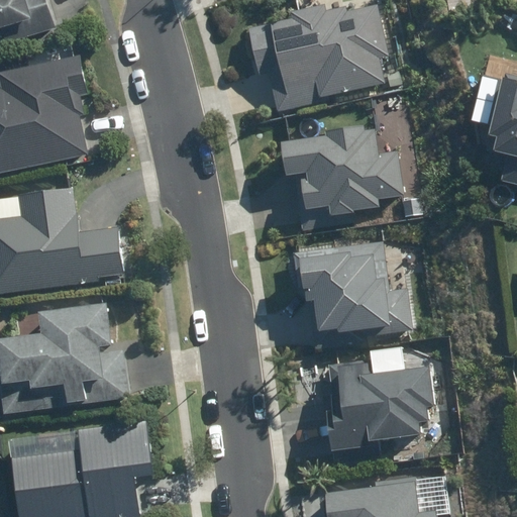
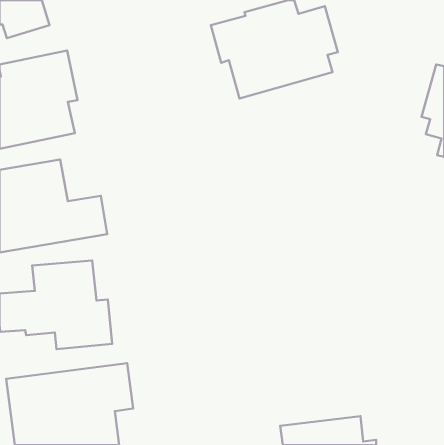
building: [280,122,404,217] -> none
building: [296,243,415,346] -> none
building: [324,348,433,453] -> none

